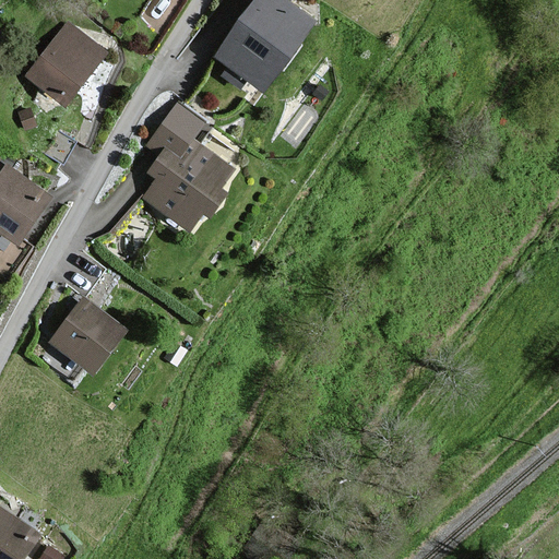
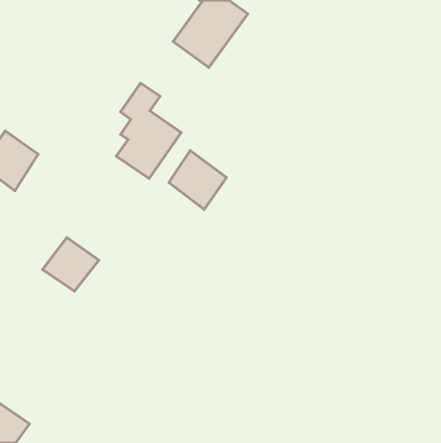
building: [31,25,104,100] -> none
building: none -> [169,150,227,210]

